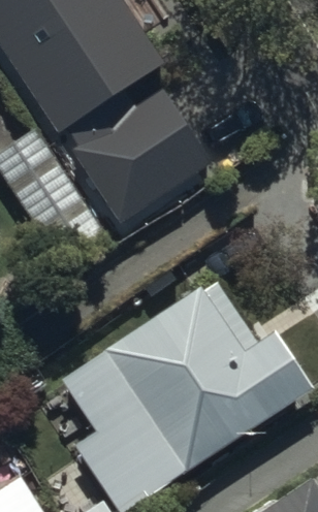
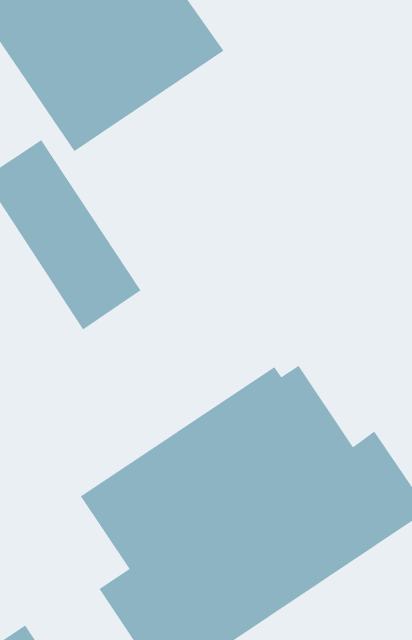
building: [70,86,213,221] -> none

